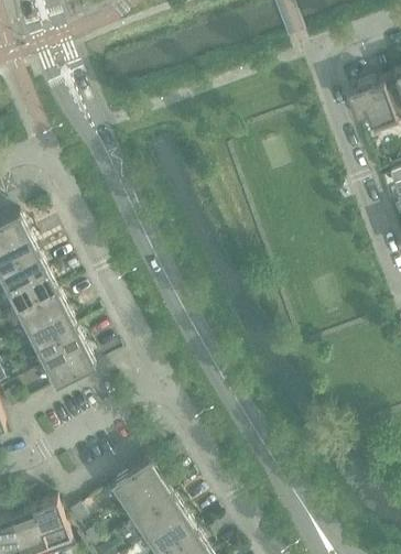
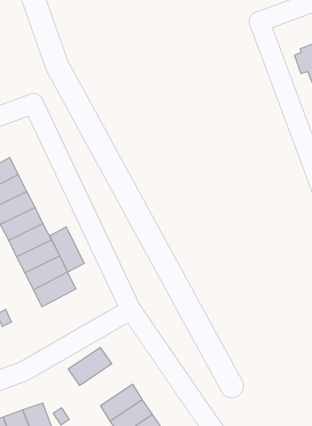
building: none -> [50,227,84,272]
building: [110,459,161,503] -> [68,348,112,385]

